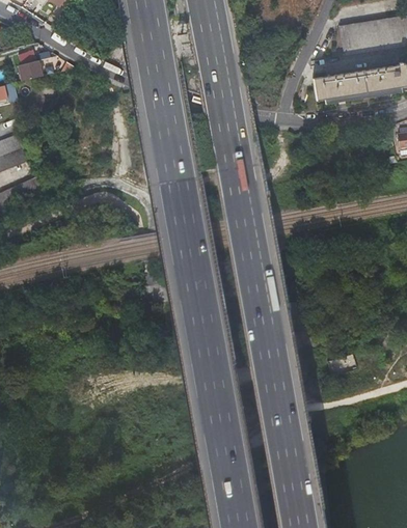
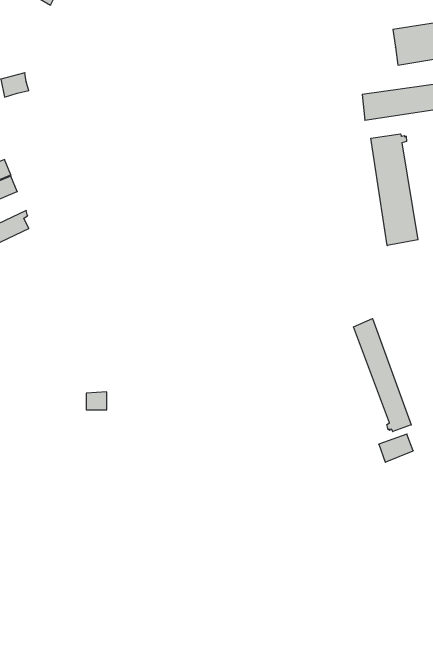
building: none -> [371,134,418,246]
building: none -> [354,319,411,432]

